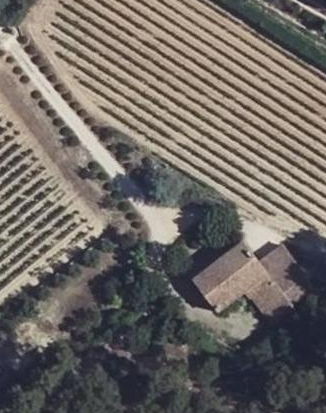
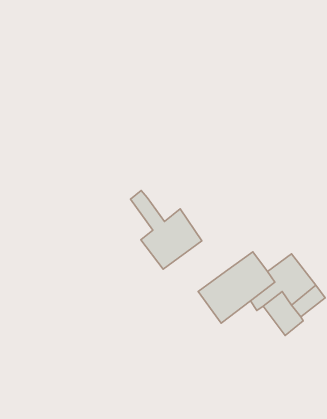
building: none -> [131,190,202,269]

